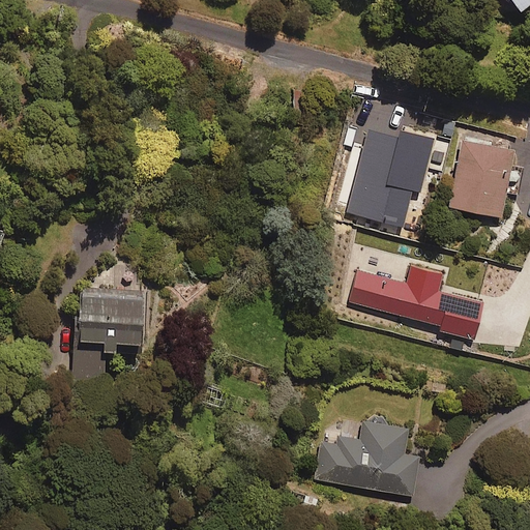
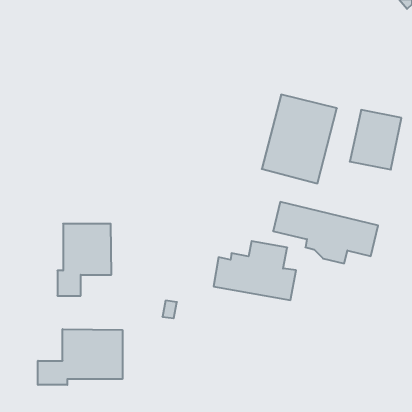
building: [314,420,419,496] -> [214,241,296,300]
building: none -> [38,329,122,385]

